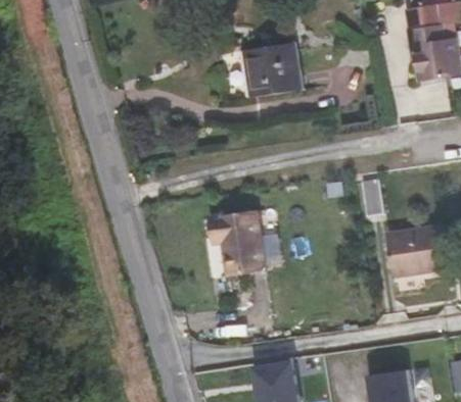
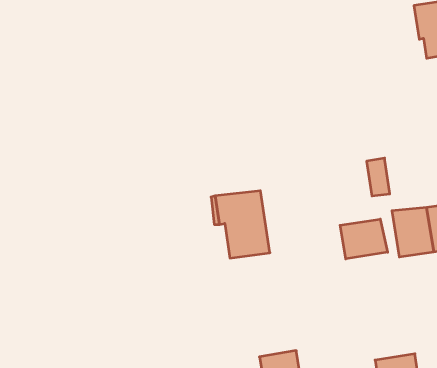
building: [243,42,303,97] -> none
building: none -> [340,219,388,259]

